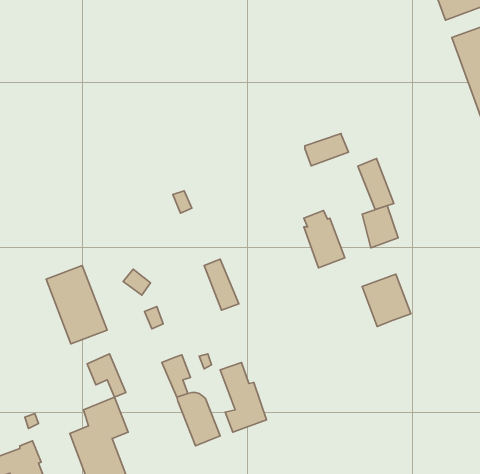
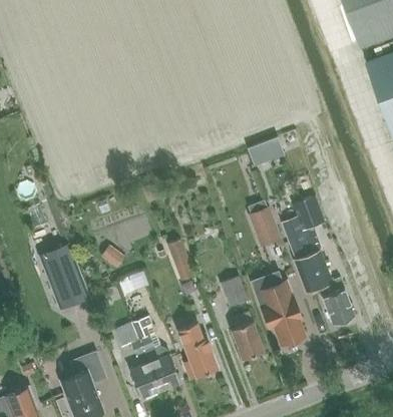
building: [358,159,394,210] -> [280,217,309,258]
building: none -> [249,269,302,345]
building: none -> [221,277,248,308]
building: none -> [319,279,352,324]
building: none -> [231,312,264,360]
building: [87,354,126,397] -> [114,323,145,358]
building: none -> [128,362,159,398]

